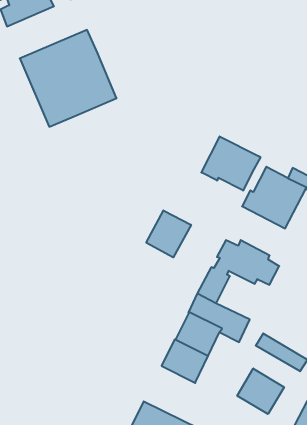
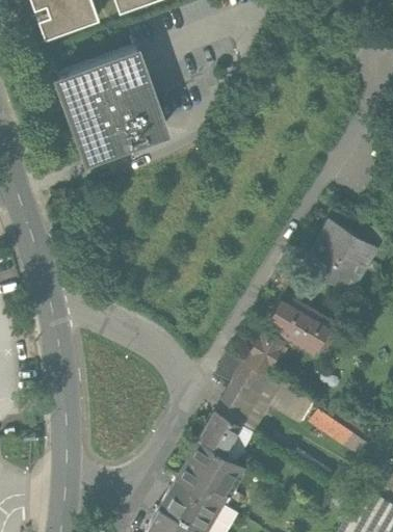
building: [201,136,260,191] -> none
building: [146,210,191,257] -> none
building: none -> [176,440,242,504]
building: [237,368,284,414] -> none

